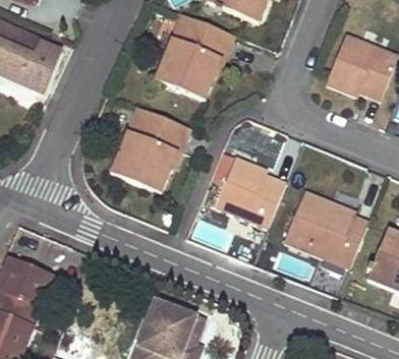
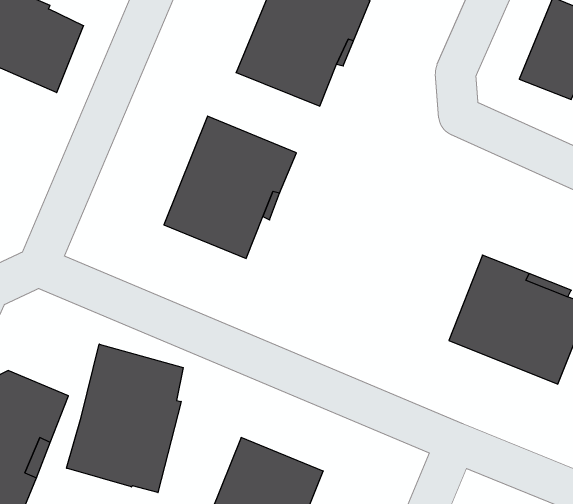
building: [215,157,286,228] -> none
building: none -> [67,344,183,493]

